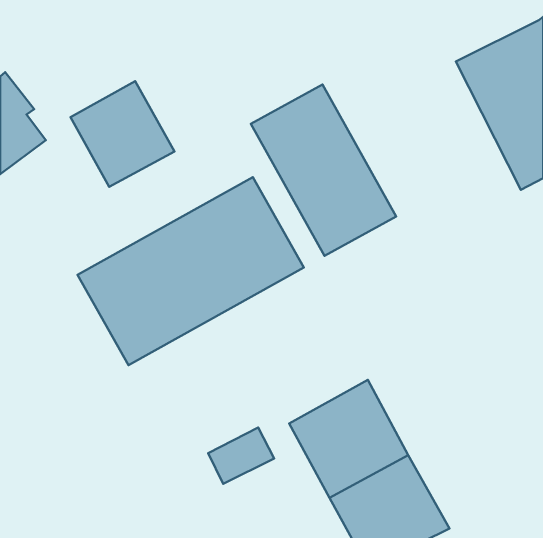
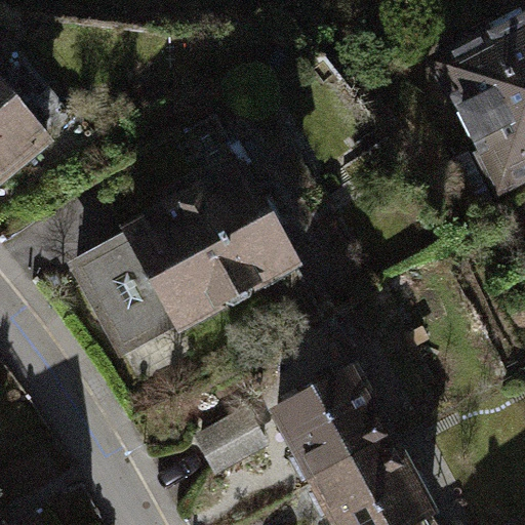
building: [70,81,175,187] -> none
building: [251,84,396,256] -> none

